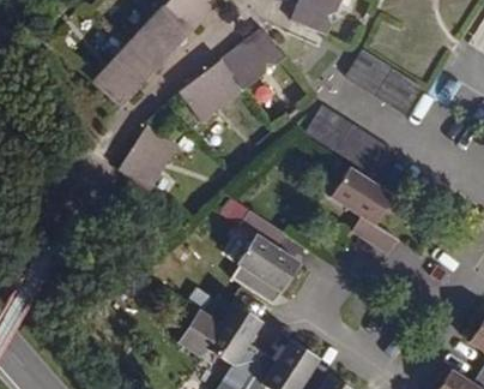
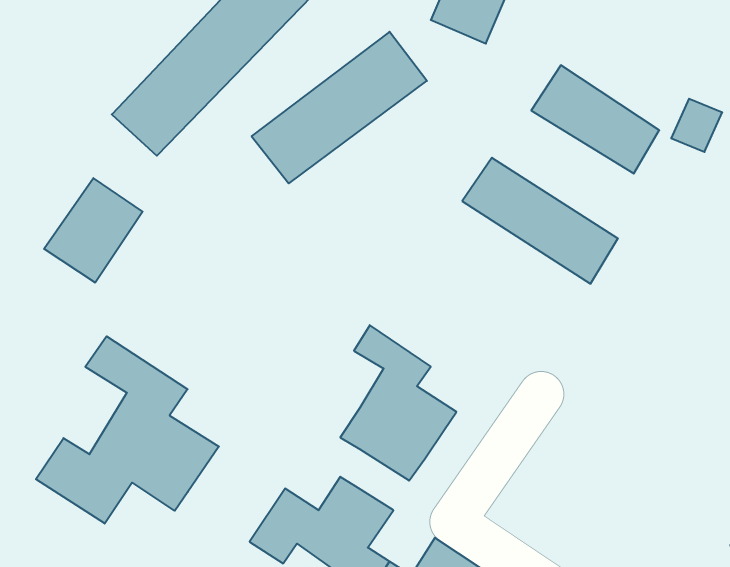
building: [117,125,177,188] -> [44,178,143,282]
building: [334,167,405,252] -> none
building: none -> [36,336,219,524]

